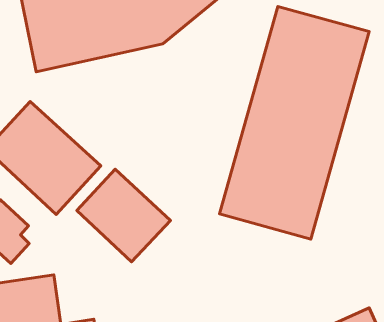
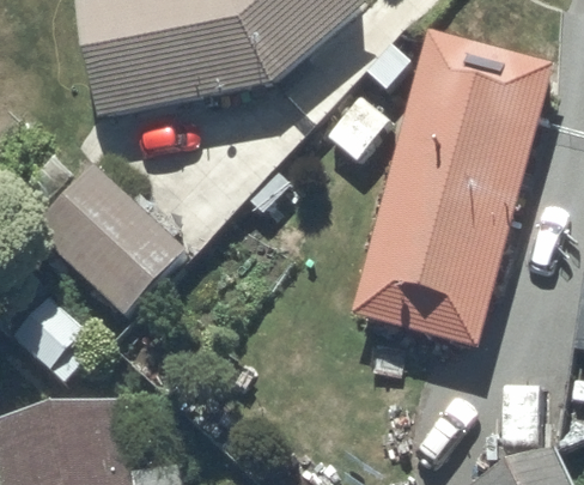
building: [77,169,170,262] -> none

